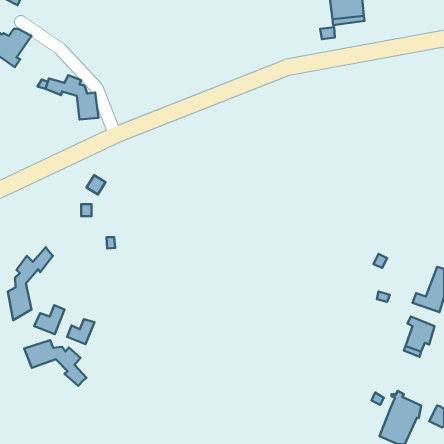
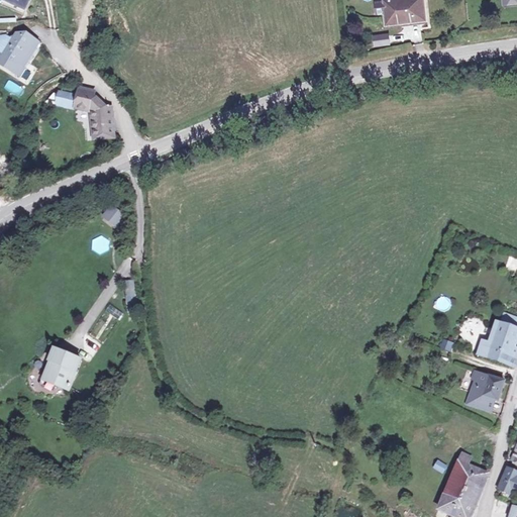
building: [8,247,53,320] -> none
building: [67,319,94,344] -> none
building: [24,340,87,386] -> none

